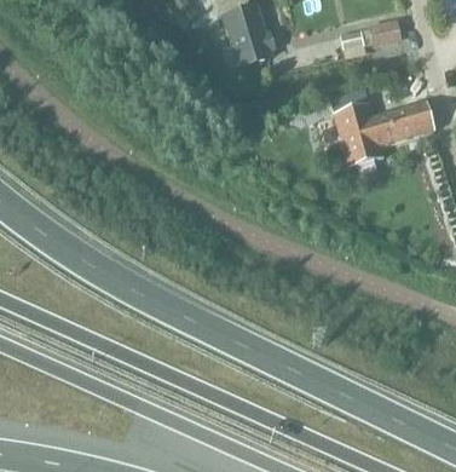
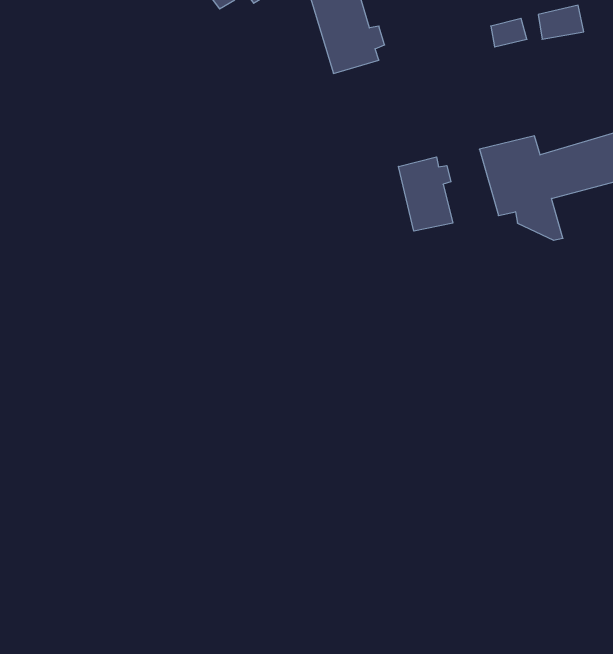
building: none -> [398,157,453,231]

